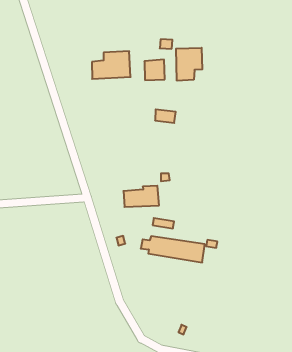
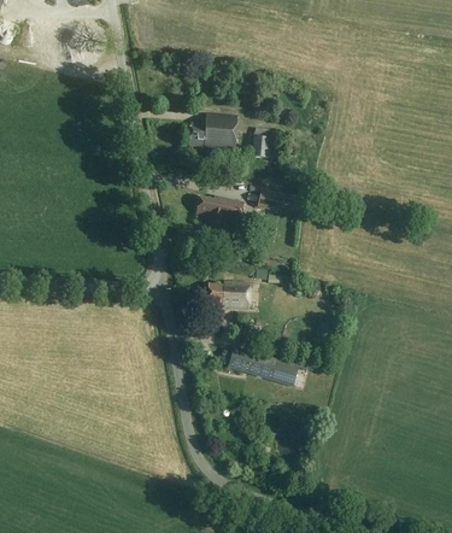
building: [176,48,202,81] -> none
building: none -> [195,199,240,229]

